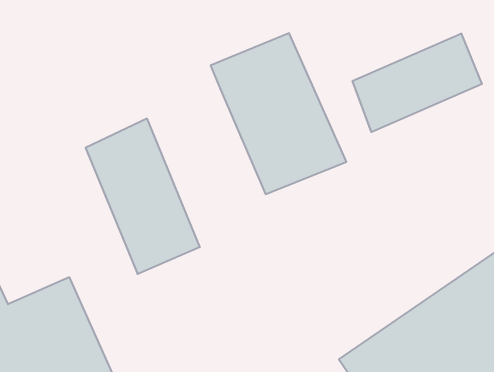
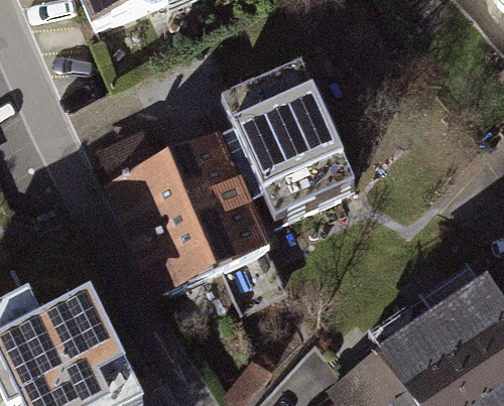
building: [353,33,482,132] -> none
building: none -> [166,120,286,267]

